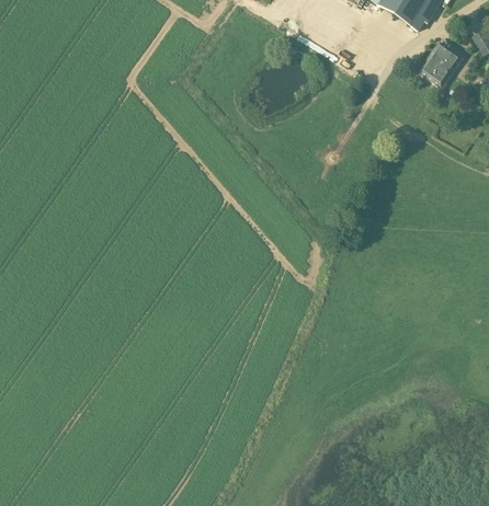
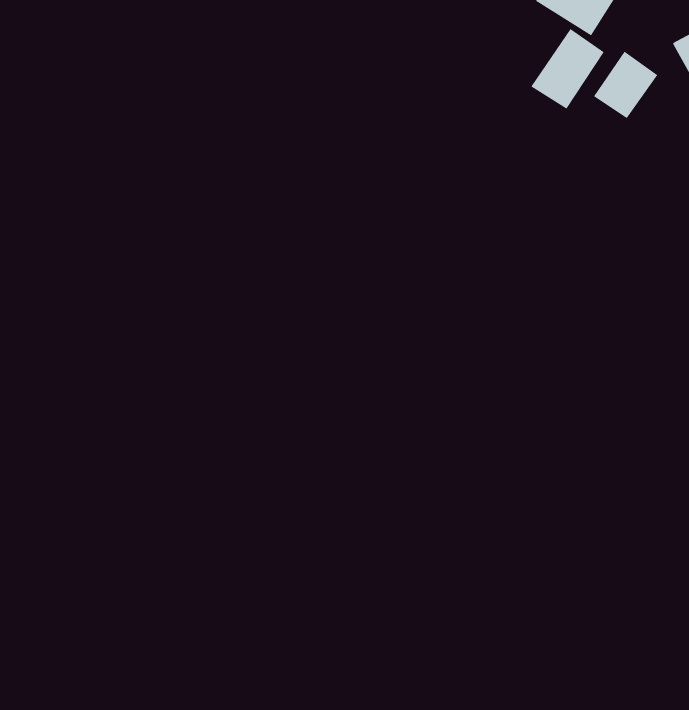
building: none -> [531,28,604,110]

